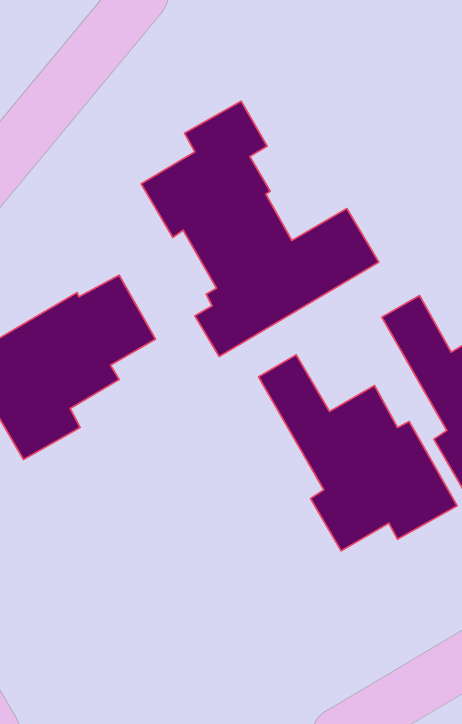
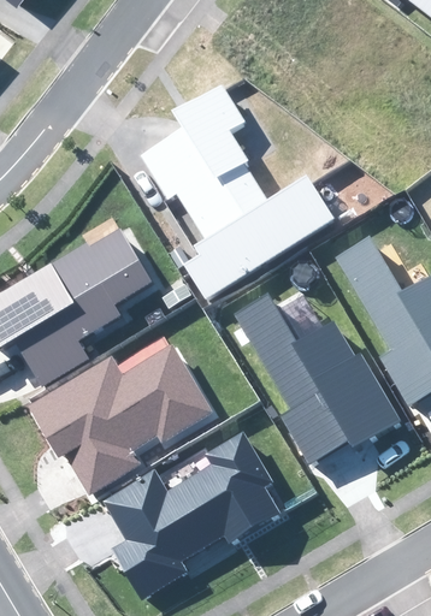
building: none -> [28,343,214,492]
building: none -> [104,430,282,596]

